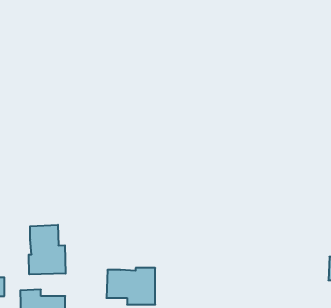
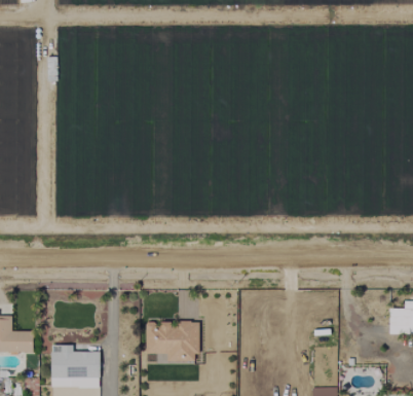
building: [29,225,66,274] -> none

